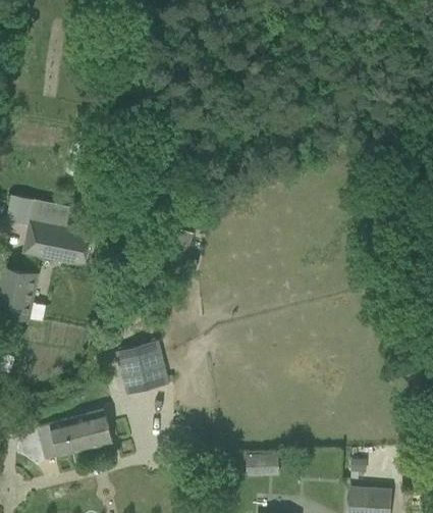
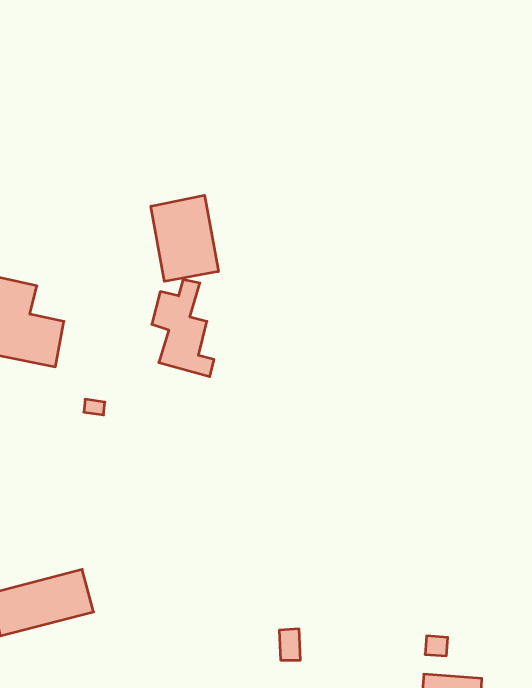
building: none -> [151,195,218,281]
building: [116,342,174,394] -> none

